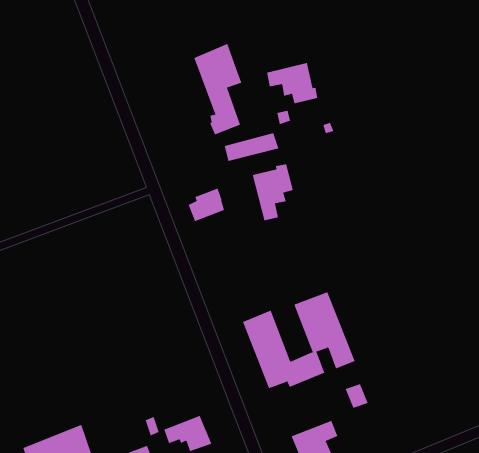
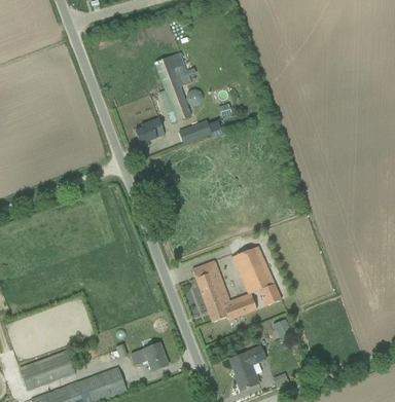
building: [266,62,318,104] -> none
building: [252,163,293,221] -> none
building: [188,188,225,222] -> [135,117,164,144]

